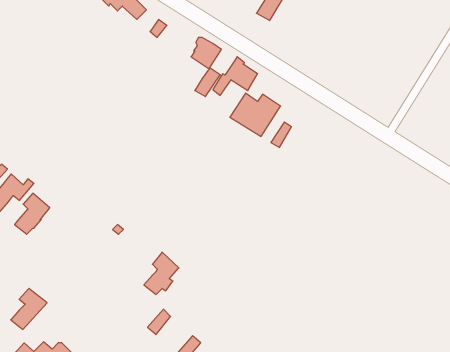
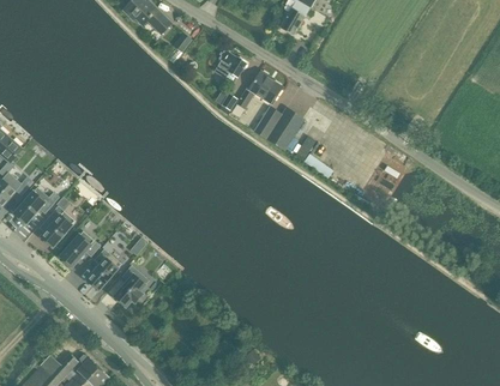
building: none -> [60,230,101,267]
building: [144,252,179,294] -> [114,265,149,307]
building: [11,288,47,329] -> [86,249,122,290]

